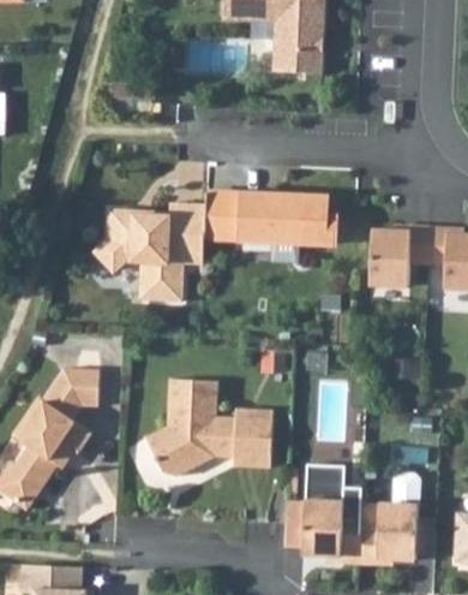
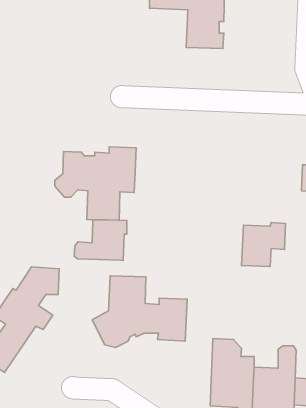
building: [203,195,334,244] -> none
building: [368,228,427,287] -> [242,223,285,266]
building: none -> [74,220,127,260]

